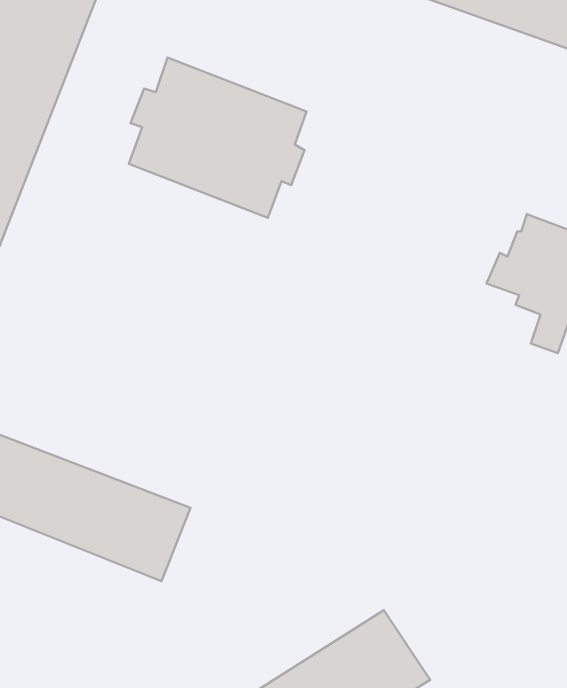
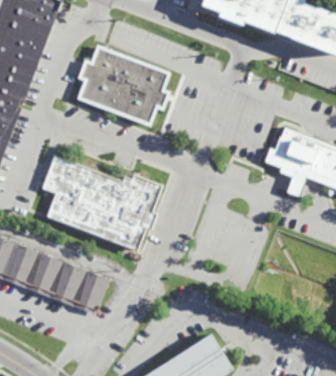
building: none -> [41,155,162,251]

